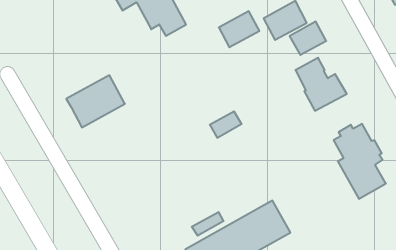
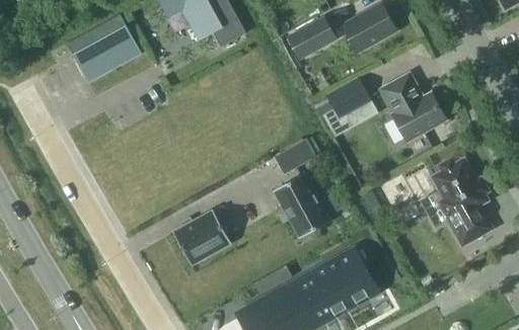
building: [290,21,326,55] -> [325,77,371,118]
building: [66,75,125,127] -> [66,14,139,79]
building: none -> [273,173,330,238]
building: none -> [172,211,231,265]

